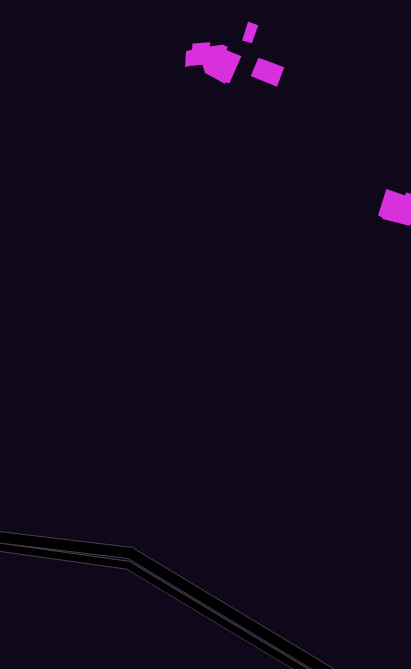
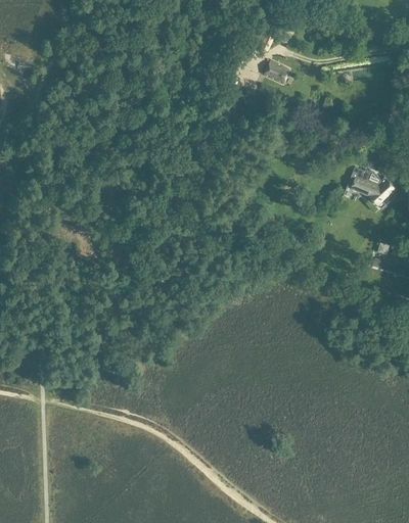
building: [184,42,242,84] -> none

